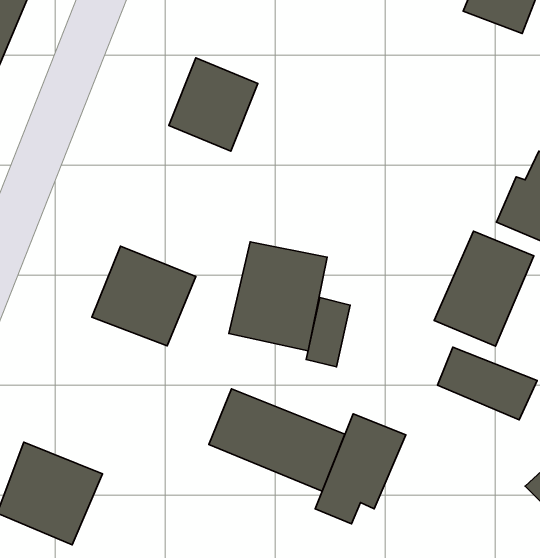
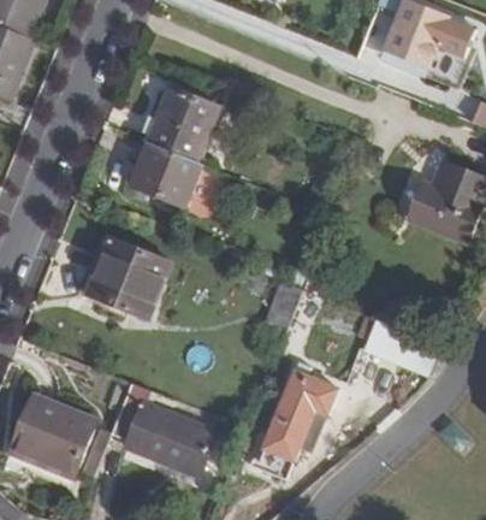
building: none -> [131,141,202,205]
building: [434,231,534,346] -> none
building: [229,242,327,351] -> none
building: [209,389,345,491] -> [107,394,215,475]

